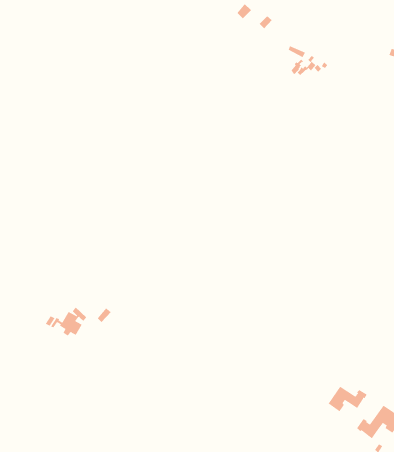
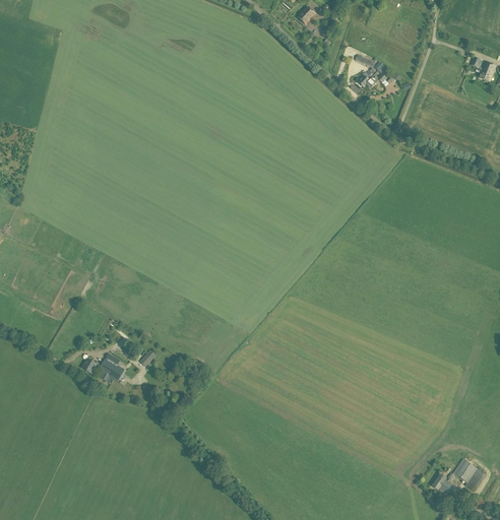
building: [328,386,367,412] -> none

